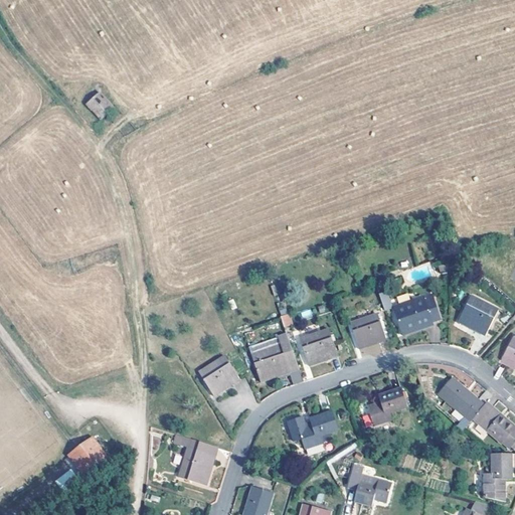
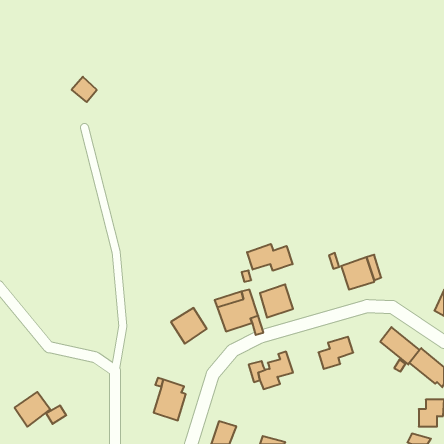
building: none -> [247,244,293,271]
building: [457,296,497,335] -> none
building: [350,314,386,349] -> none
building: [65,434,107,474] -> [15,392,50,427]
building: [345,472,390,507] -> none

